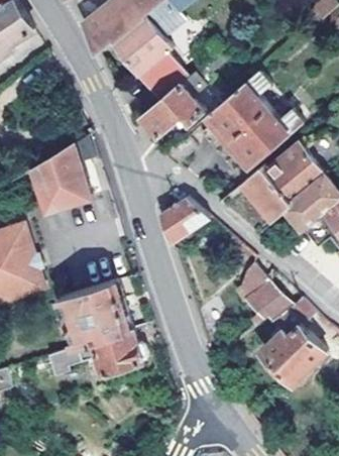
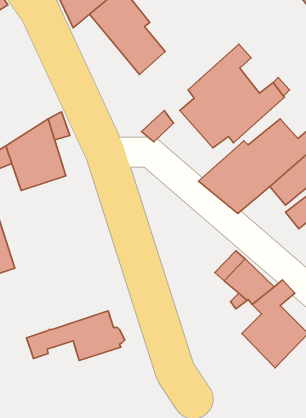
building: [142,48,225,136] -> none
building: [161,198,210,245] -> none
building: [59,281,131,347] -> none

